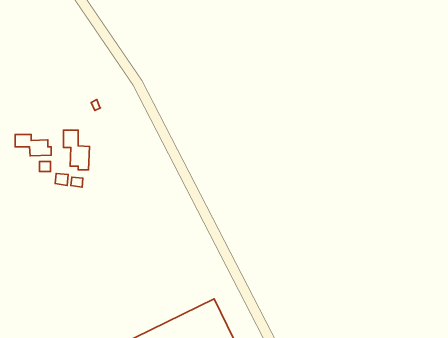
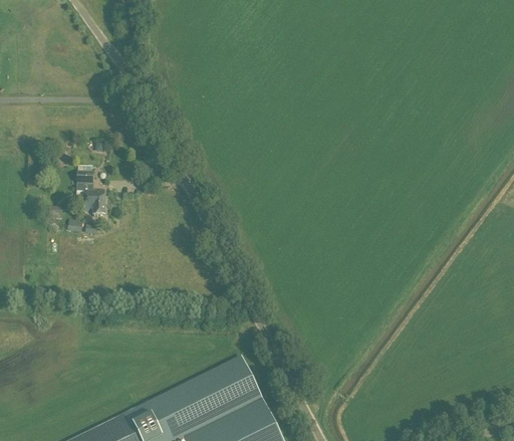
building: [15,135,51,156] -> none

